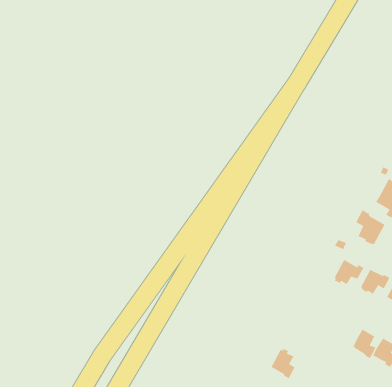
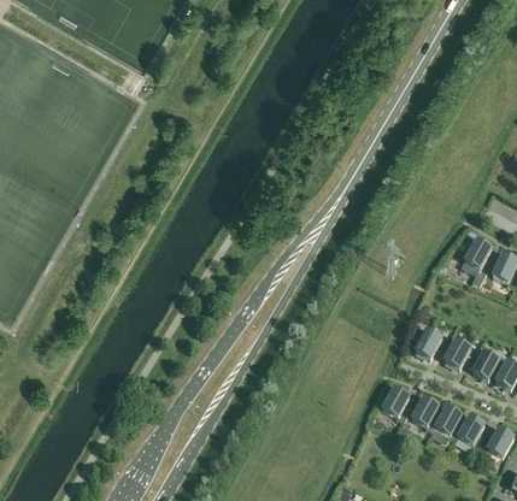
building: [355,209,386,245] -> none
building: none -> [411,397,439,431]
building: [270,348,296,379] -> [382,387,410,422]

